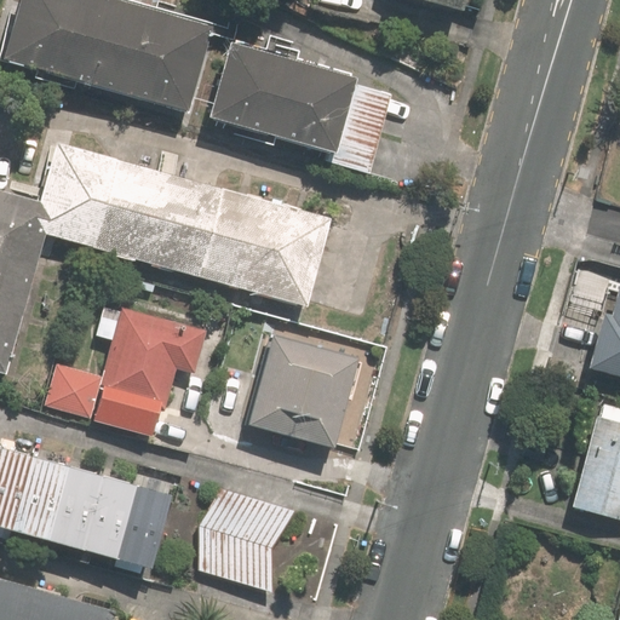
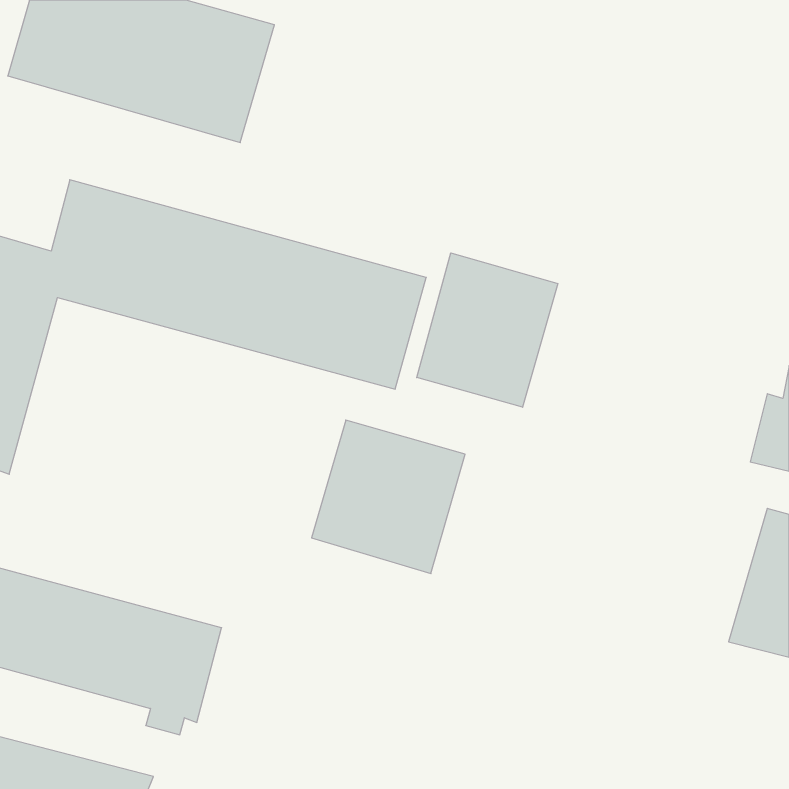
building: [211,40,392,176] -> none
building: none -> [417,253,558,407]
building: [41,305,206,420] -> none
building: [196,492,292,590] -> none

